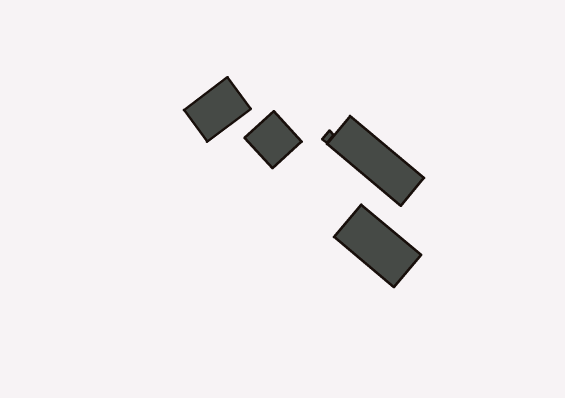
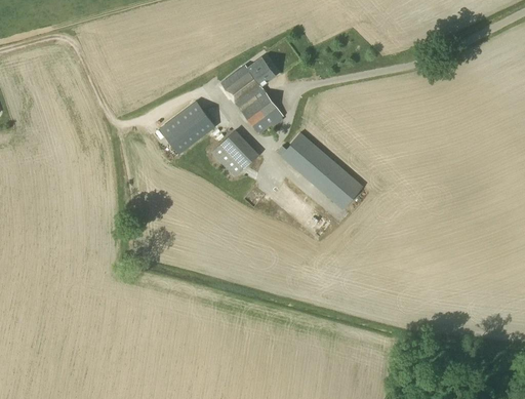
building: none -> [220,56,283,134]
building: [334,205,421,287] -> none

